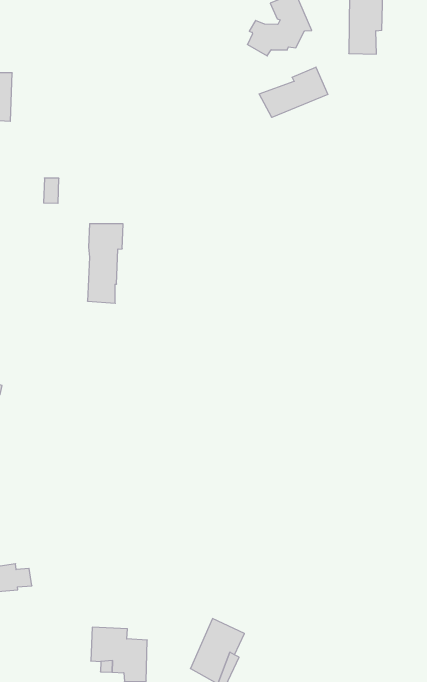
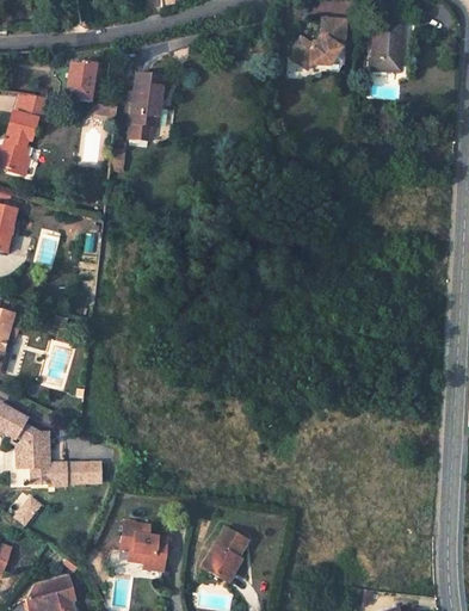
building: [259,67,328,117] -> none
building: [87,224,123,303] -> [130,74,165,141]
building: none -> [64,464,99,483]

